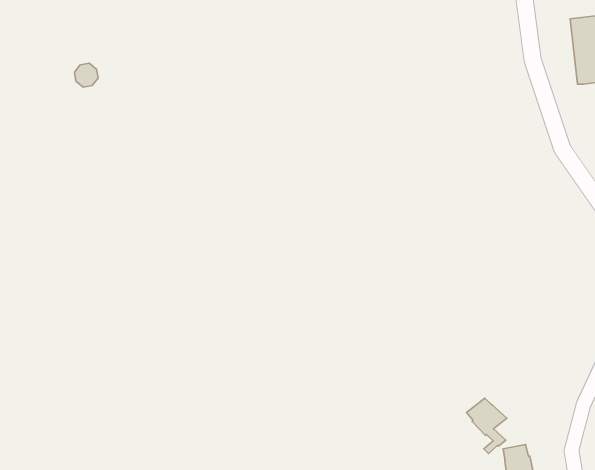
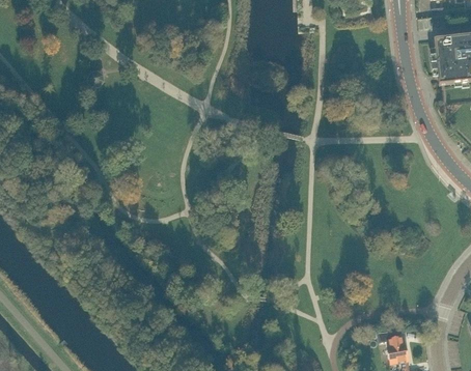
building: [466,398,507,453] -> none

